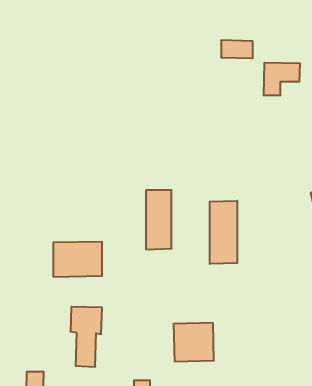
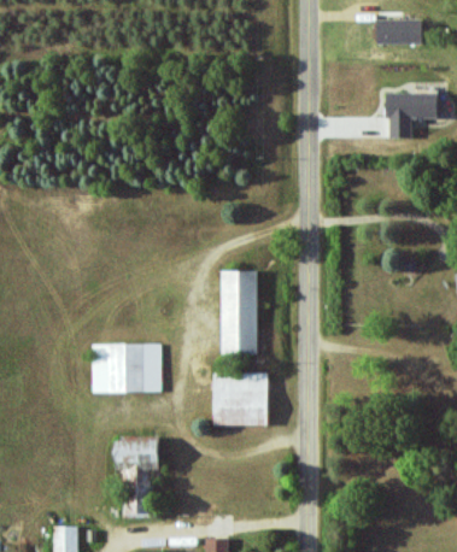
building: [221,40,253,58] -> [376,20,421,46]
building: [210,201,237,264] -> none
building: [174,323,214,361] -> [211,372,268,427]

